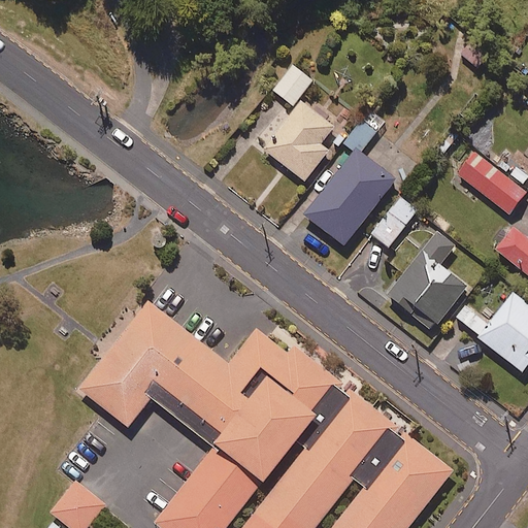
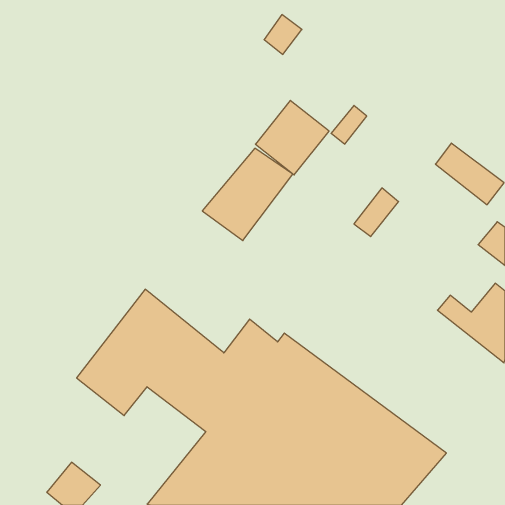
building: [270,63,309,104] -> [264,15,302,54]
building: [303,152,397,248] -> [202,148,293,241]
building: [388,231,466,329] -> none

